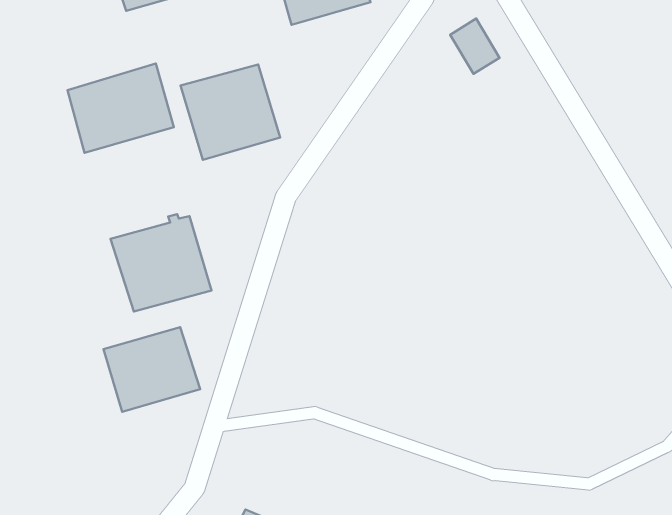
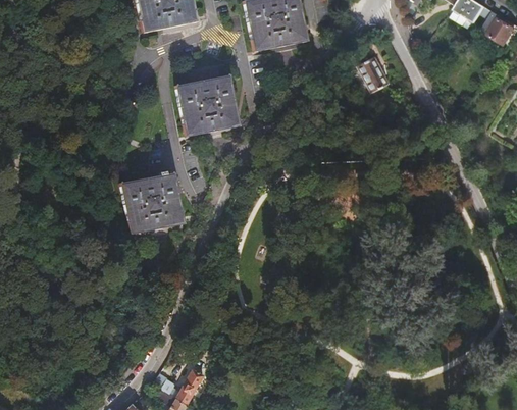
building: [67,63,174,153] -> none
building: [103,327,200,412] -> none

